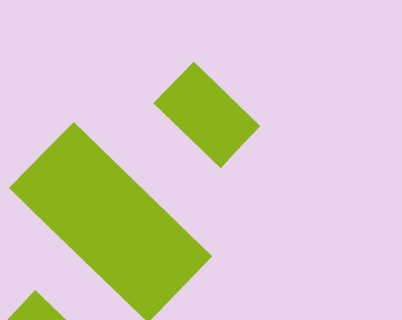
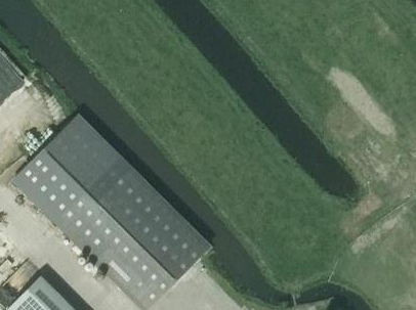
building: [153,61,261,169] -> none

